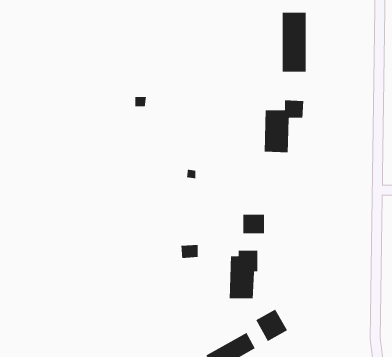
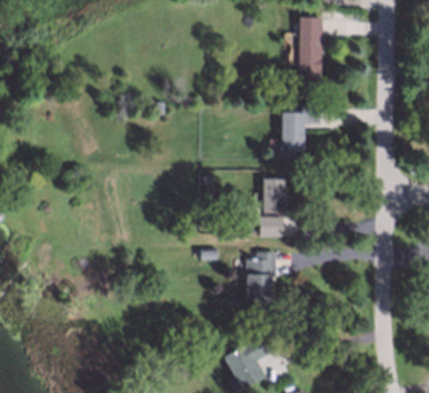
building: none -> [263,179,287,212]
building: [255,308,288,342] -> none

